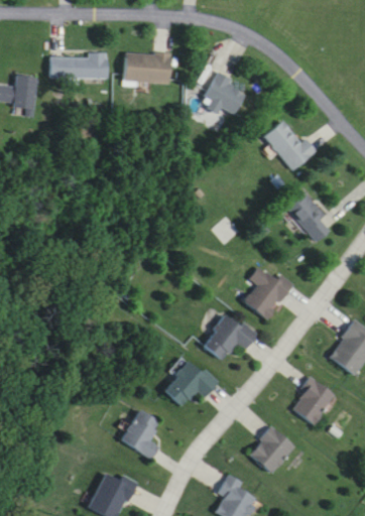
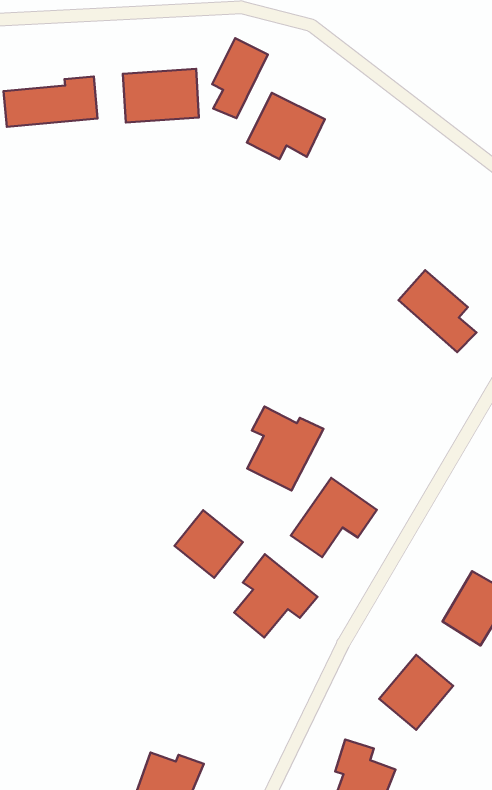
building: none -> [212,38,268,118]
building: [263,119,313,171] -> none
building: [244,267,293,320] -> [247,406,324,491]
building: none -> [174,510,243,578]
building: [121,410,160,460] -> none

